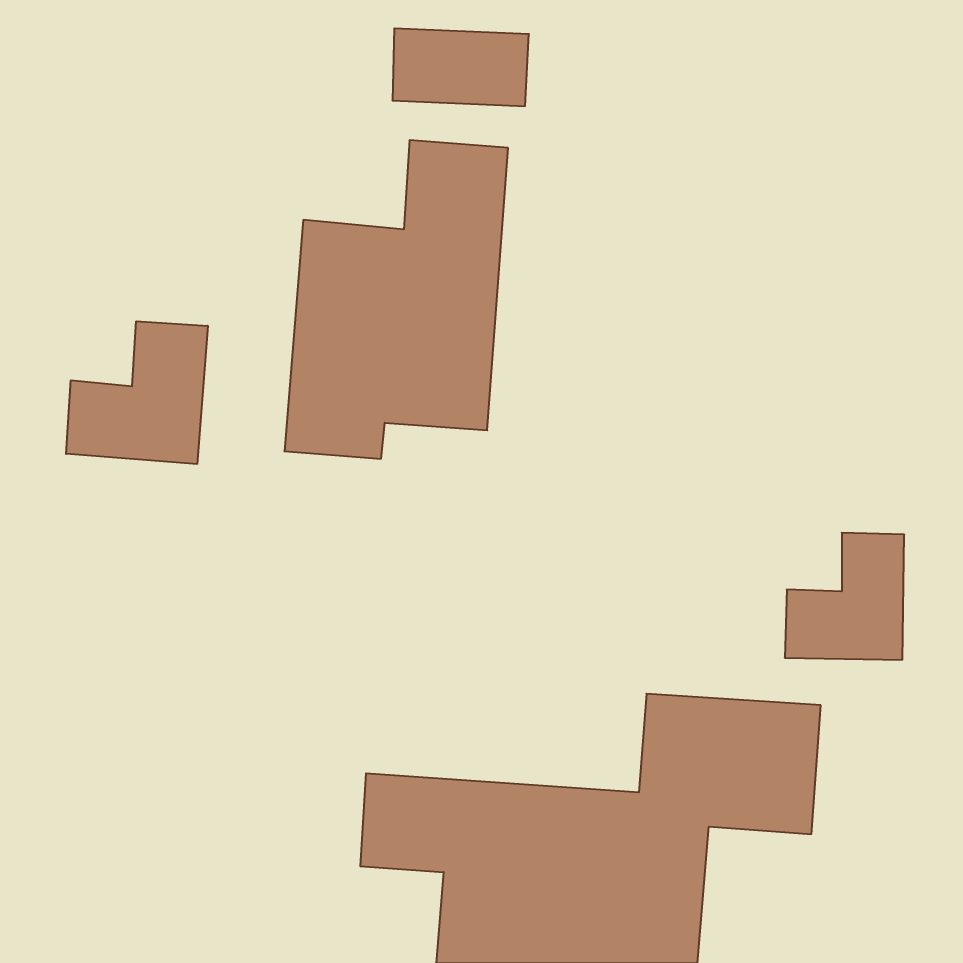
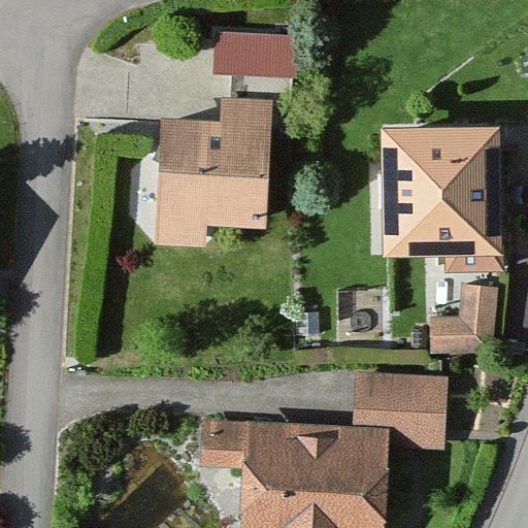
building: none -> [387,121,509,271]
building: [66,321,208,464] -> none

